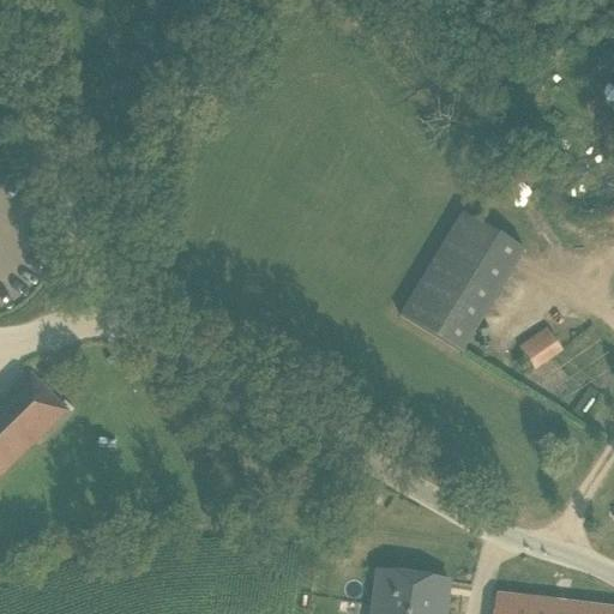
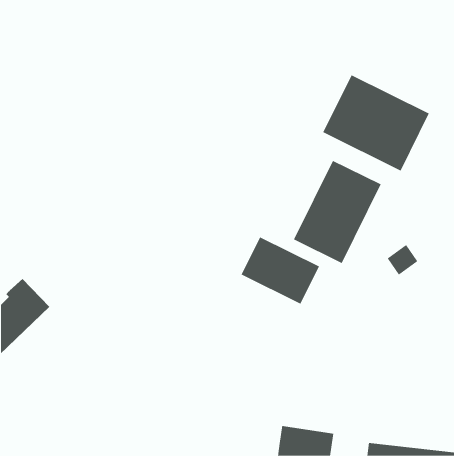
building: none -> [322,74,430,171]
building: none -> [241,236,320,305]

